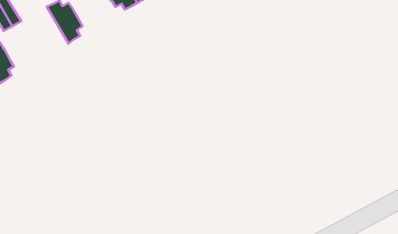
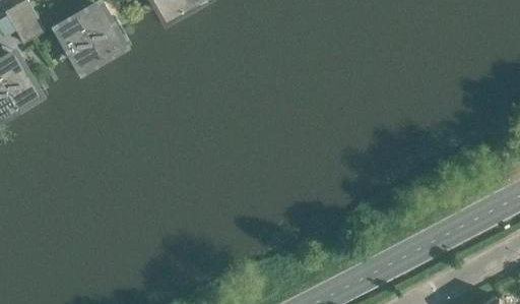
building: none -> [60,14,104,67]

